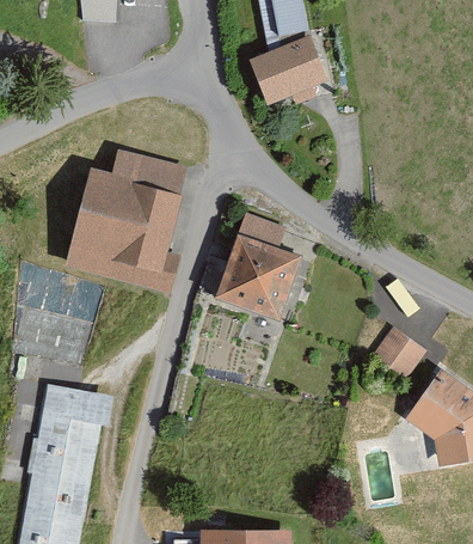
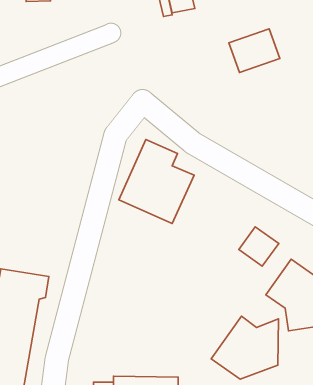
building: [252,41,321,100] -> [229,29,280,73]
building: [67,149,188,288] -> none
building: none -> [211,316,278,379]

